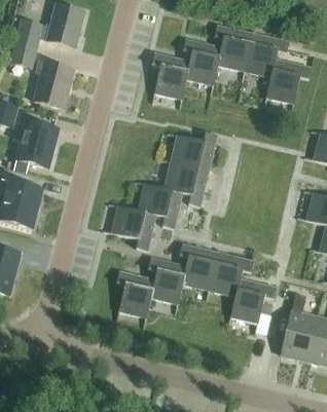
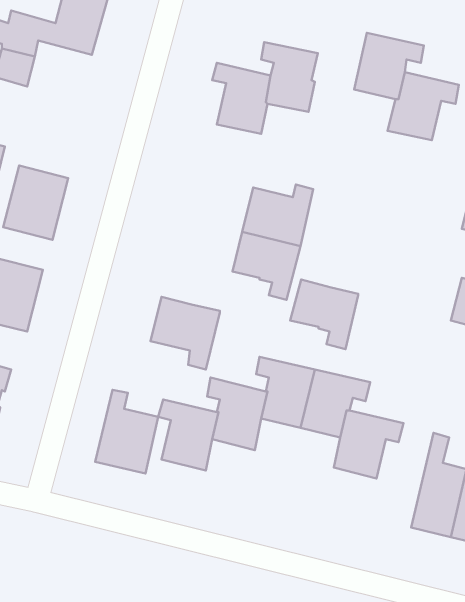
building: [214,26,252,70] -> none
building: [33,60,73,108] -> none
building: [138,183,182,228] -> [290,279,358,349]
building: none -> [95,390,158,473]

